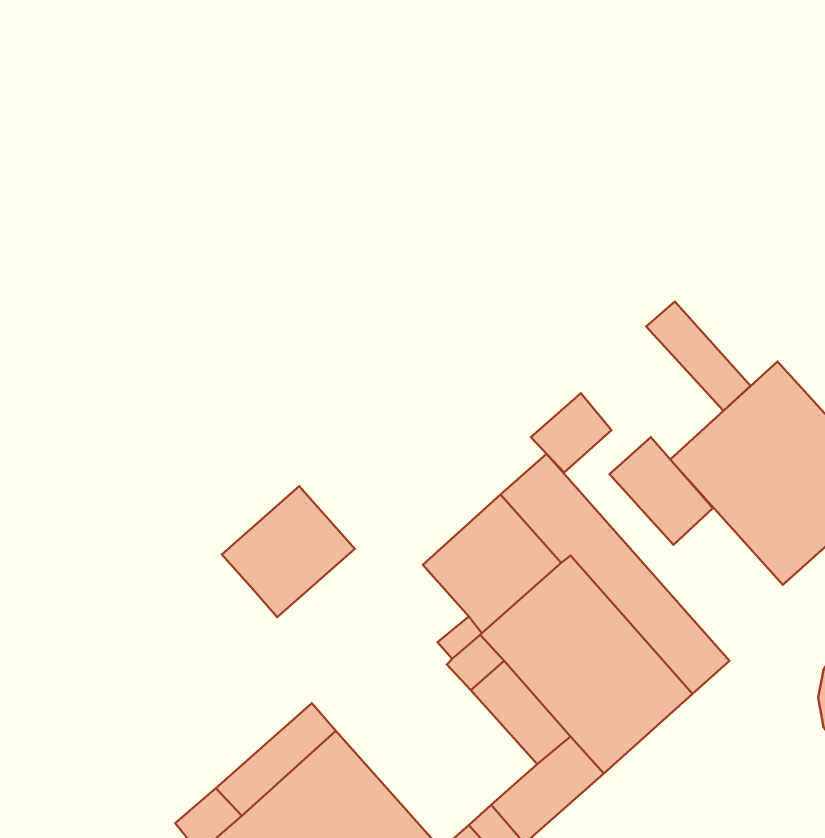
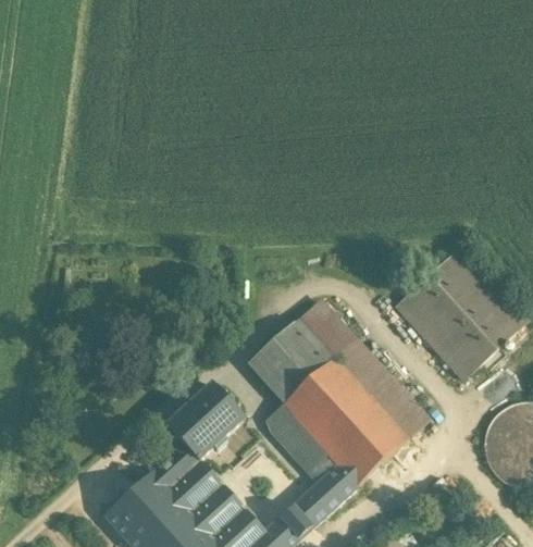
building: [646,301,750,411] -> none
building: [531,393,611,472] -> none
building: [609,437,713,545] -> none
building: [222,486,355,617] -> [165,386,244,463]

